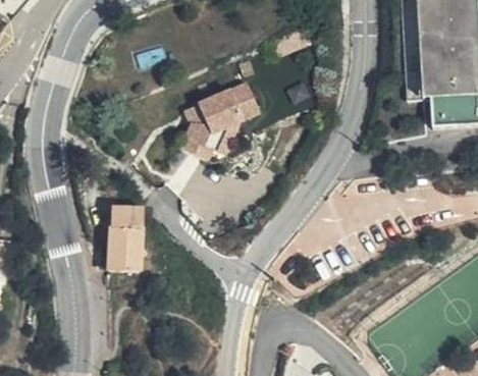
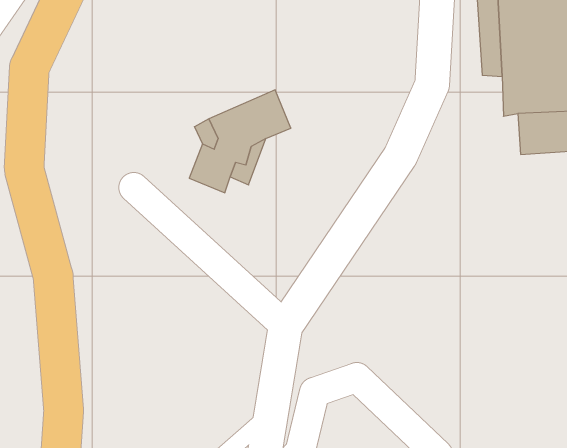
building: [106,190,147,256] -> none

